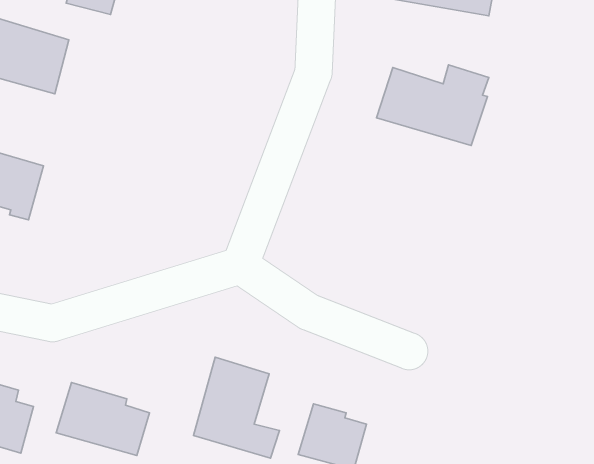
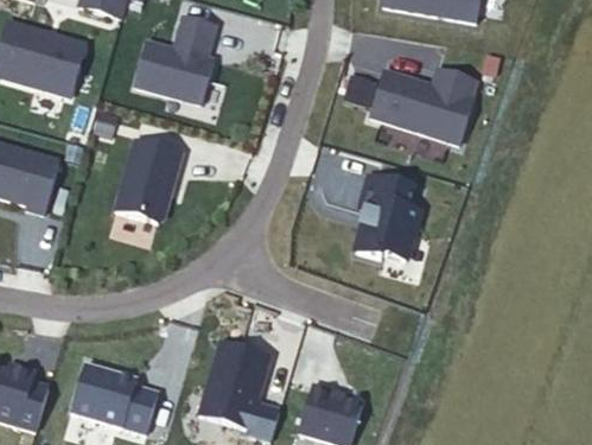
building: none -> [135,14,214,101]
building: none -> [115,140,182,222]
building: none -> [358,174,420,258]

